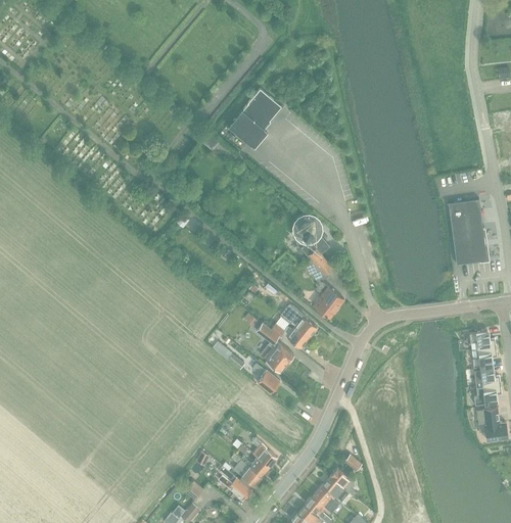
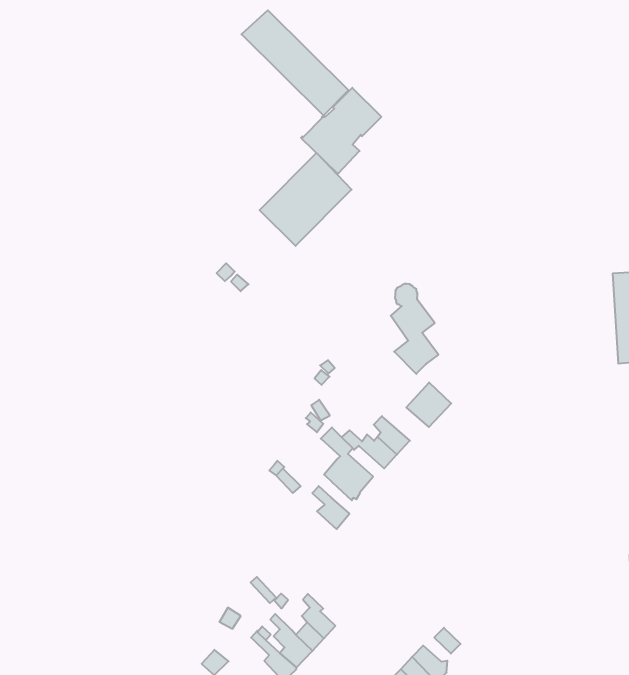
building: none -> [241,10,348,115]
building: none -> [260,153,352,246]

